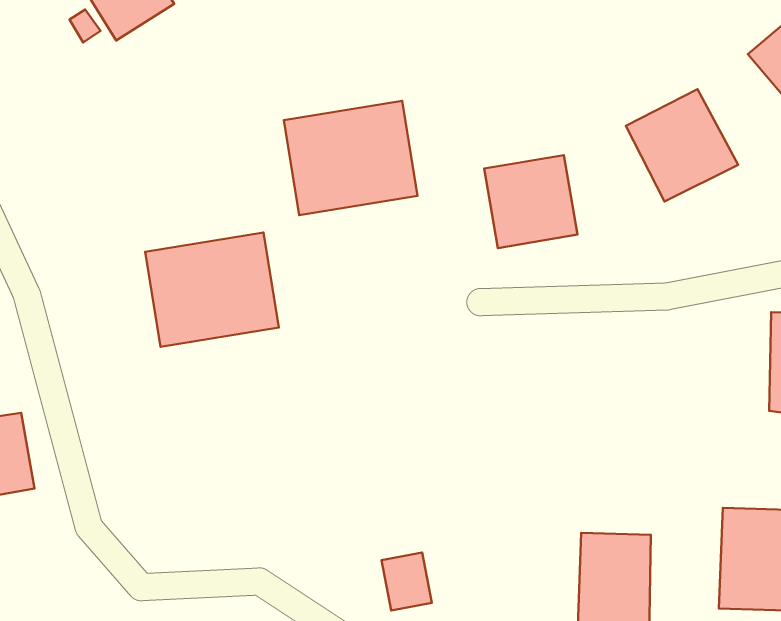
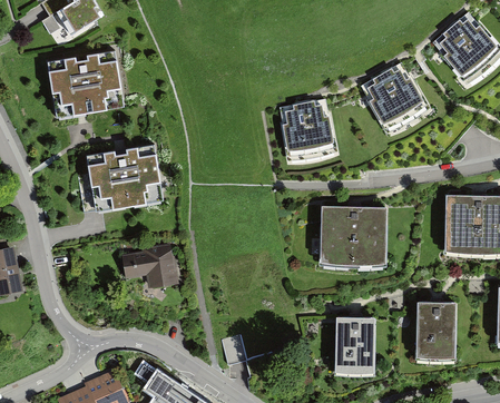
building: [284,101,418,215] -> [47,51,124,117]
building: none -> [320,206,385,267]
building: none -> [122,244,177,286]

